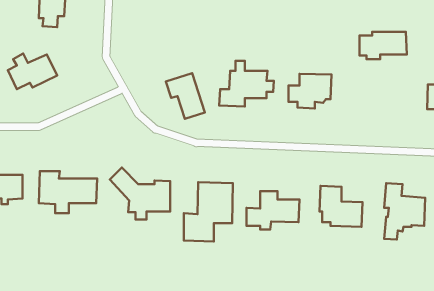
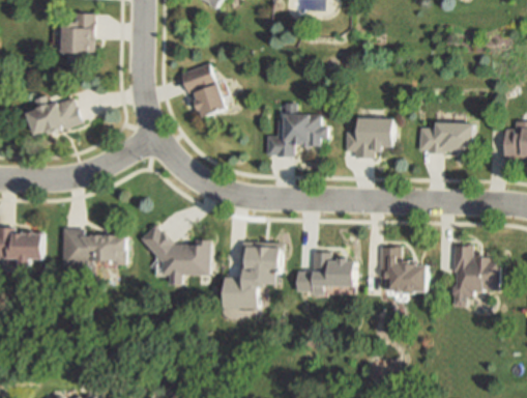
building: [359,32,407,59] -> [419,123,473,154]
building: [166,73,205,119] -> [180,64,225,116]

